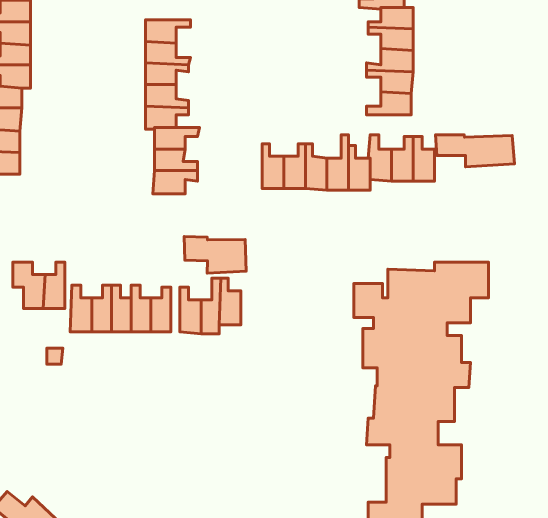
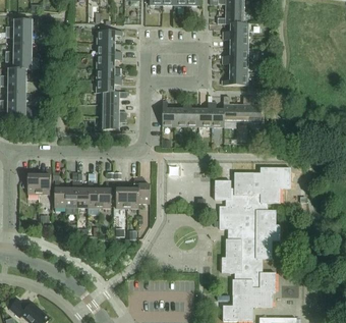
building: [435,135,515,167] -> none
building: [184,236,246,273] -> none

